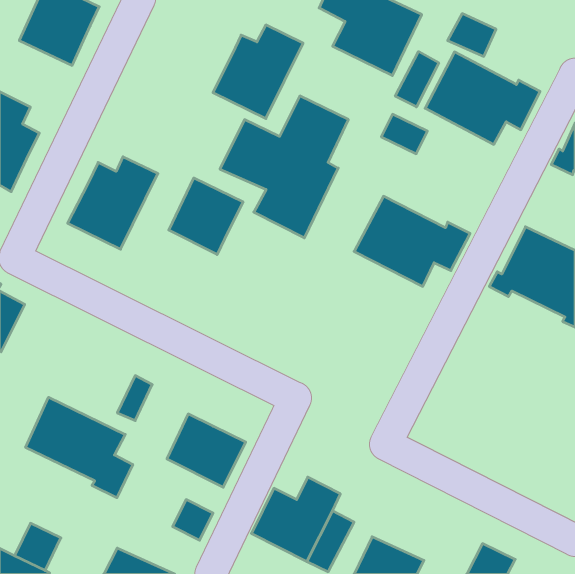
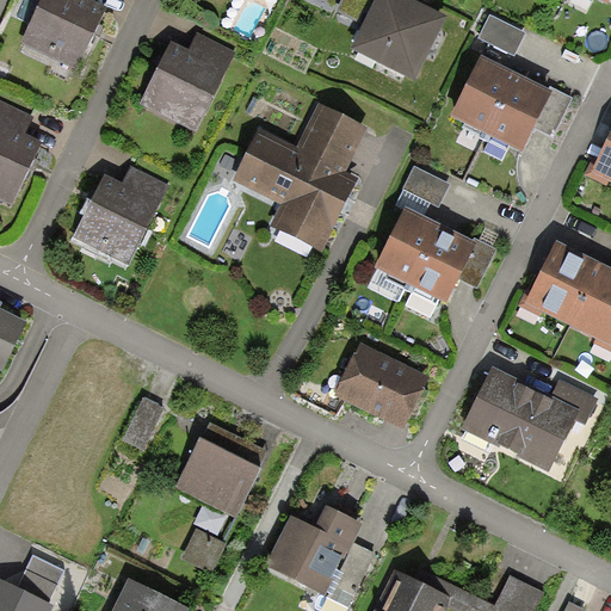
building: [213,25,303,119] -> [140,31,235,130]
building: [395,52,439,107] -> none
building: [381,114,427,154] -> [401,165,450,206]
building: [169,178,243,255] -> none
building: none -> [335,340,430,427]
building: none -> [461,369,603,471]
building: [26,397,133,498] -> none

